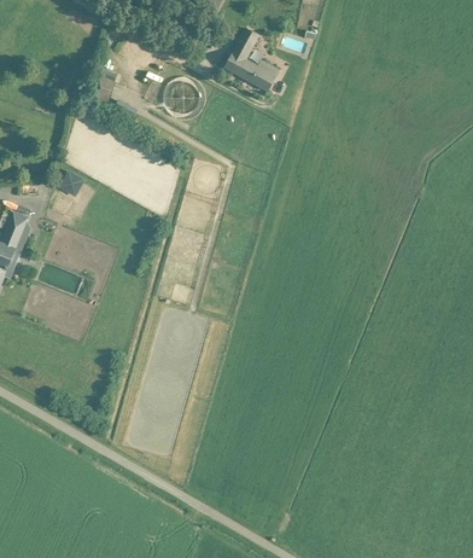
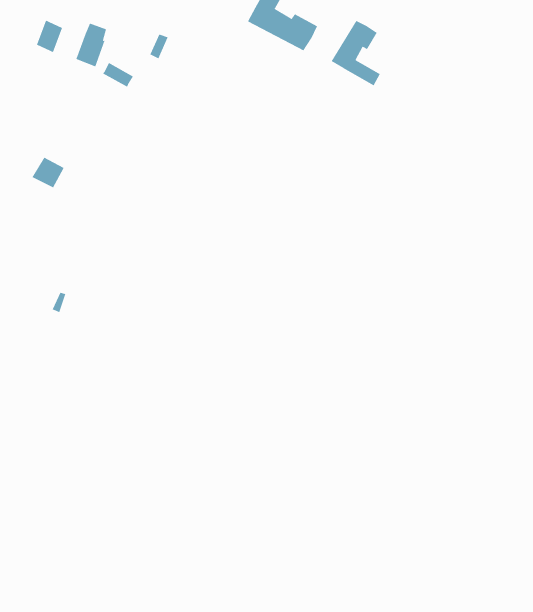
building: none -> [331,20,380,86]

